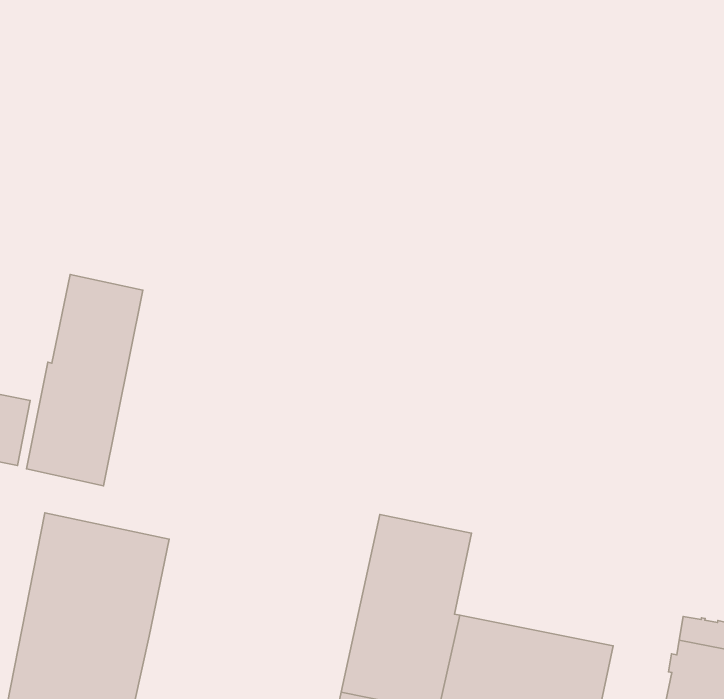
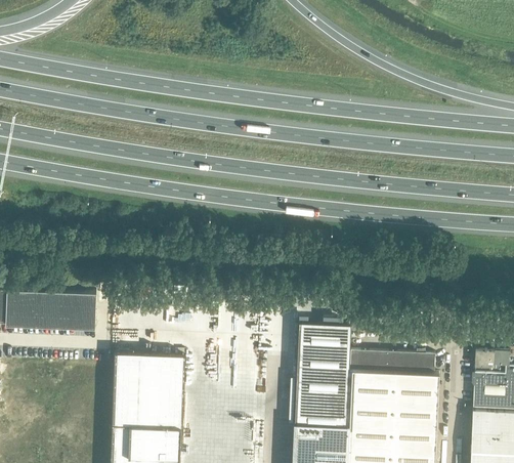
building: [27,274,143,486] -> none
building: none -> [350,351,434,373]

